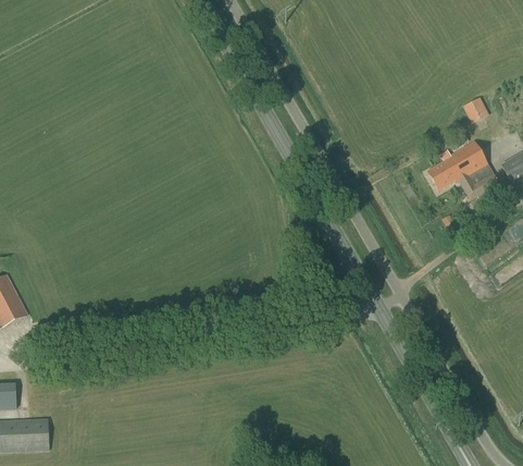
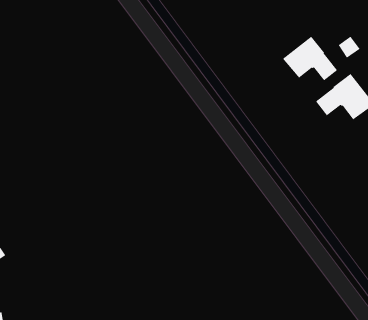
building: none -> [282,36,338,81]

